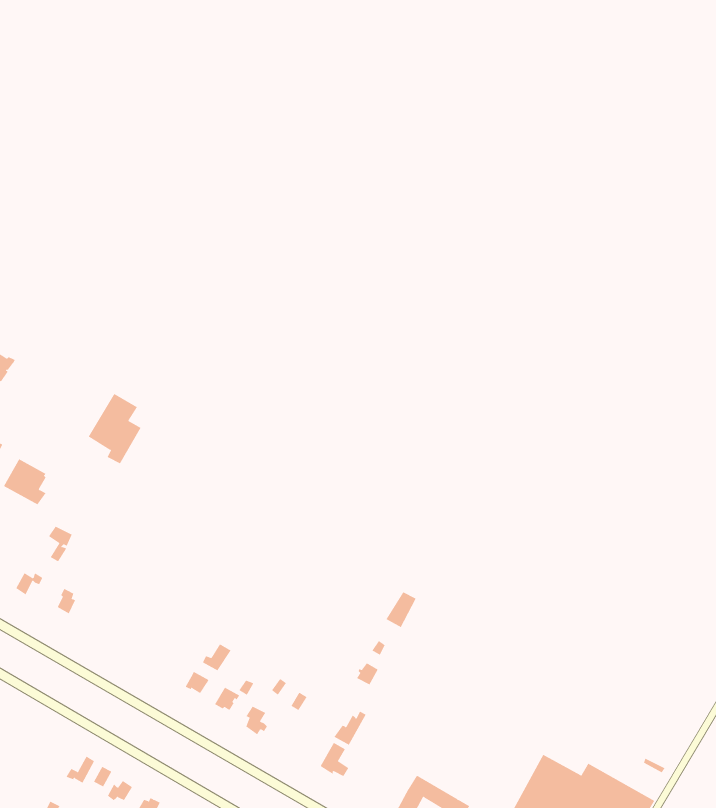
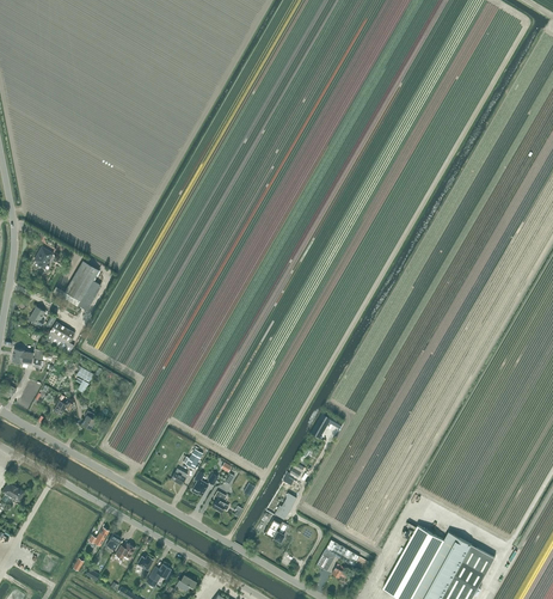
building: [88,393,141,464] -> [63,262,100,311]

